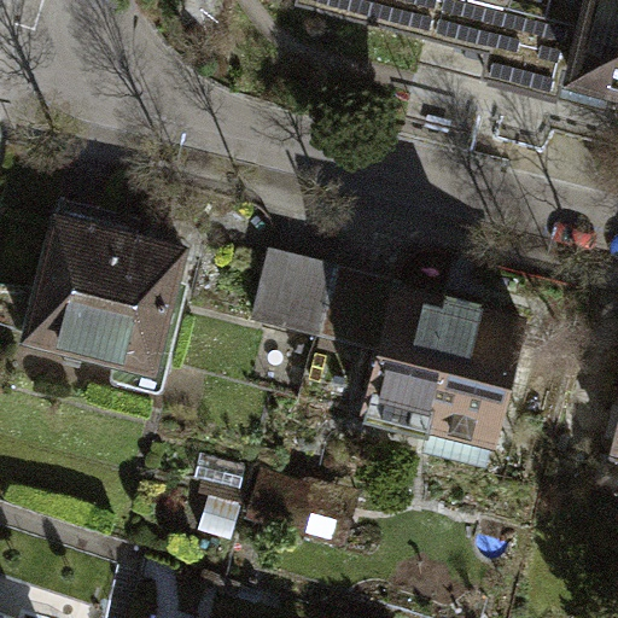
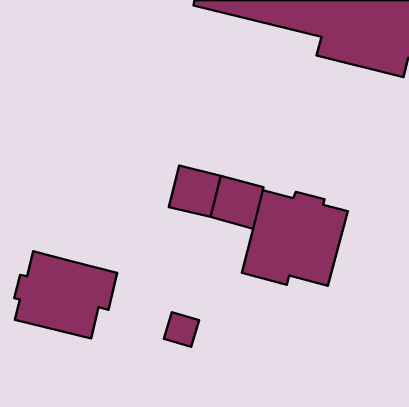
building: [29,199,185,368] -> none
building: none -> [14,251,117,339]

